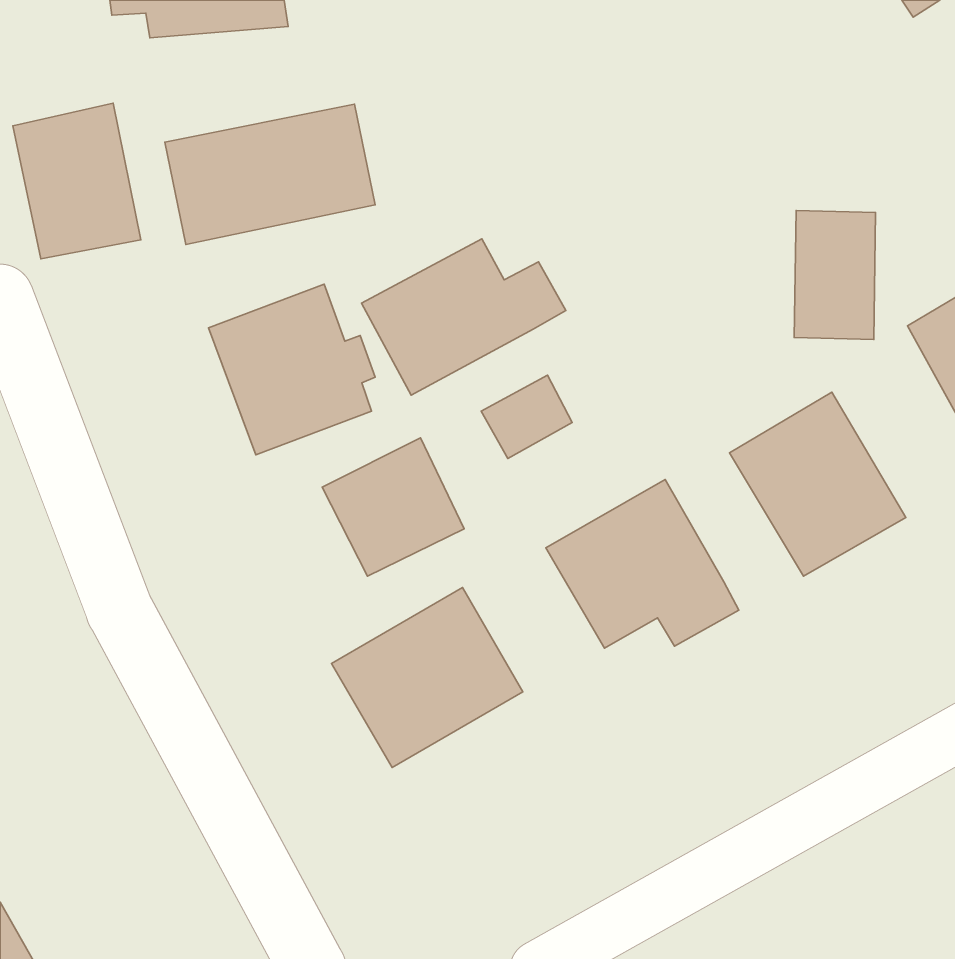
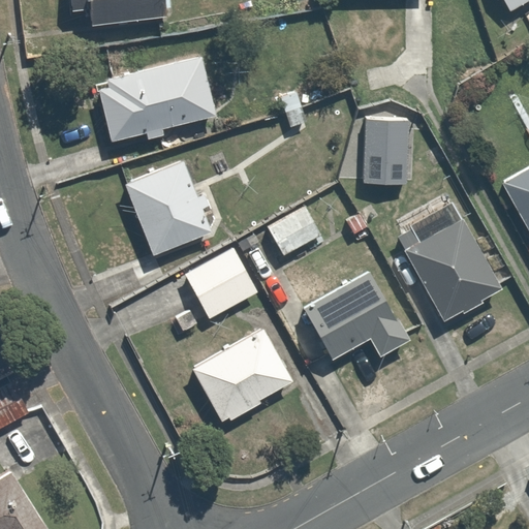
building: [13,103,141,259] -> none
building: [794,211,876,339] -> [370,116,414,186]
building: [361,239,566,395] -> none

